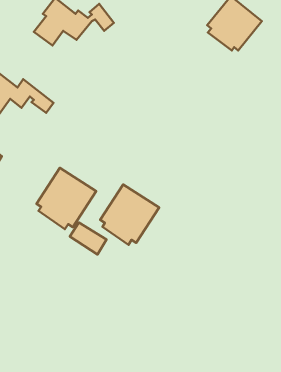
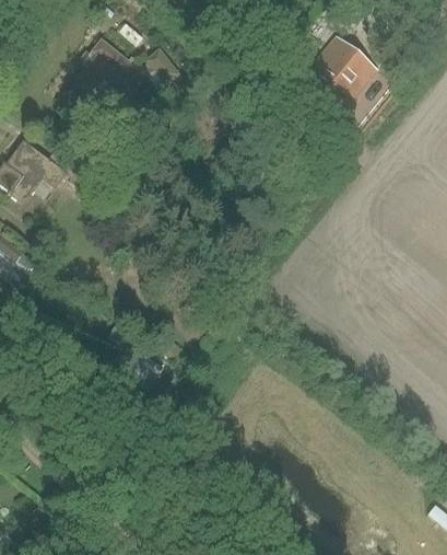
building: [36,168,96,229] -> none
building: [100,184,159,245] -> none

